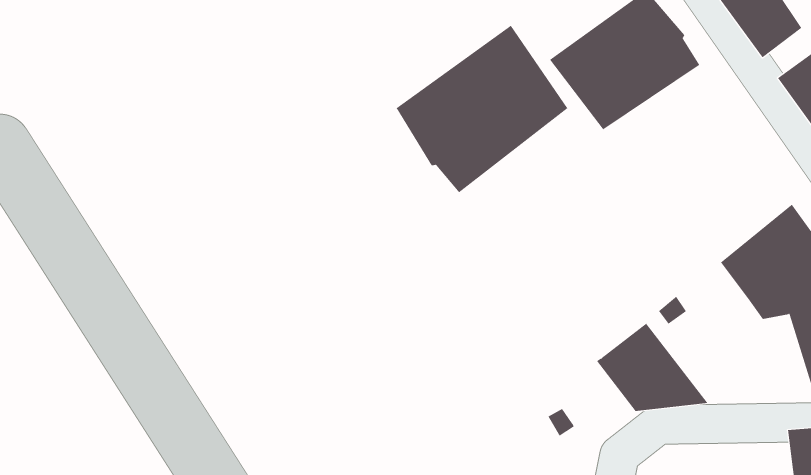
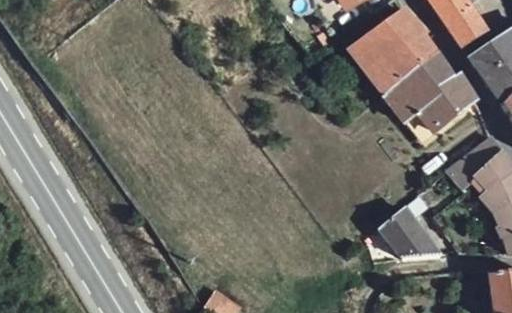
building: [396,25,568,193] -> none
building: none -> [376,52,474,138]

